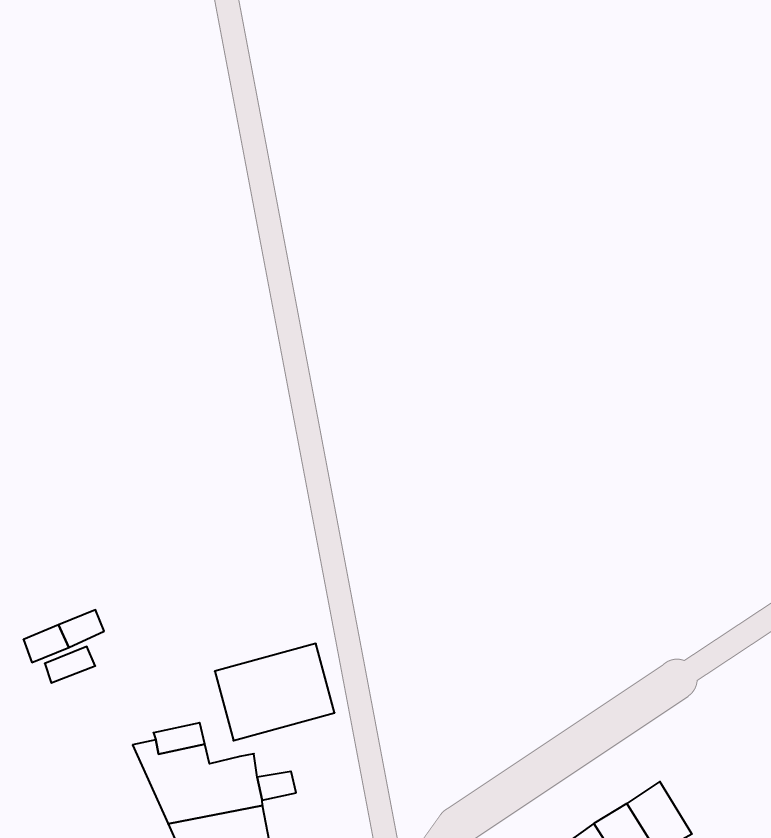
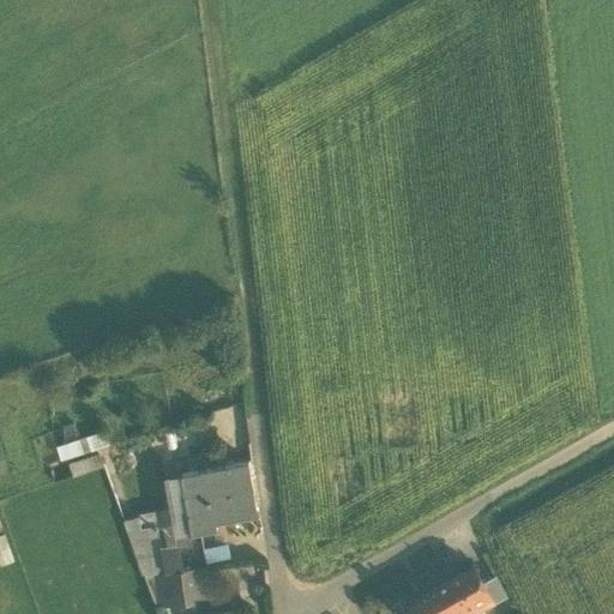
building: none -> [164,477,194,538]

